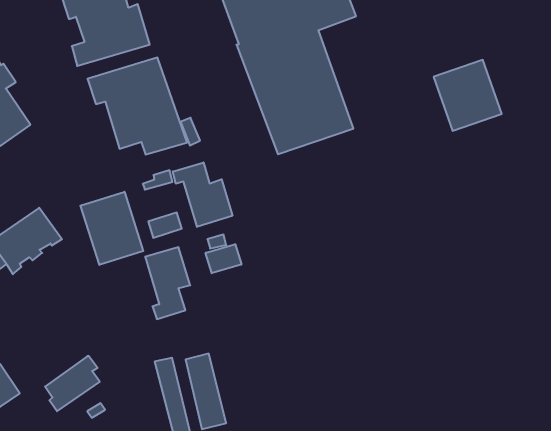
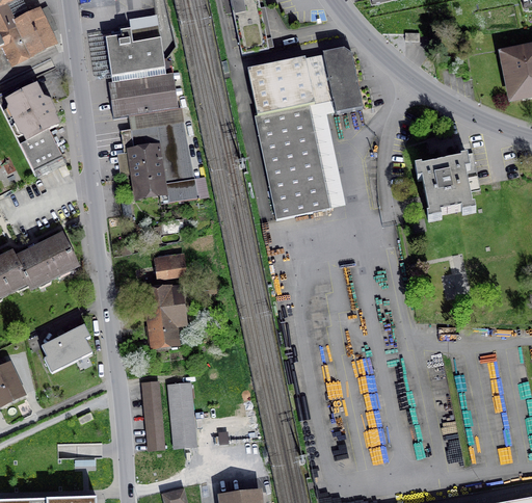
building: [173,162,232,227] -> none
building: [80,192,143,265] -> none
building: [206,244,241,273] -> none
building: [45,356,100,411] -> [43,323,90,367]

